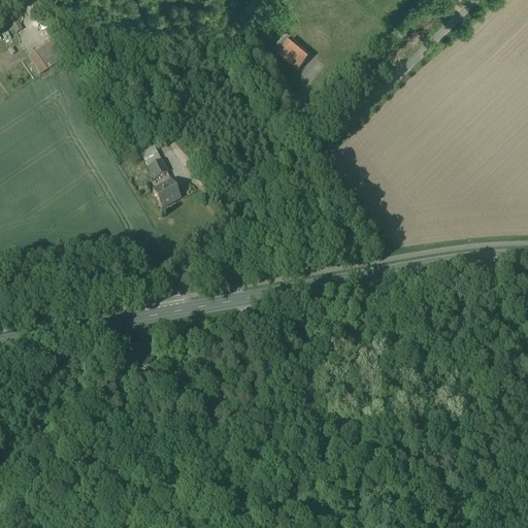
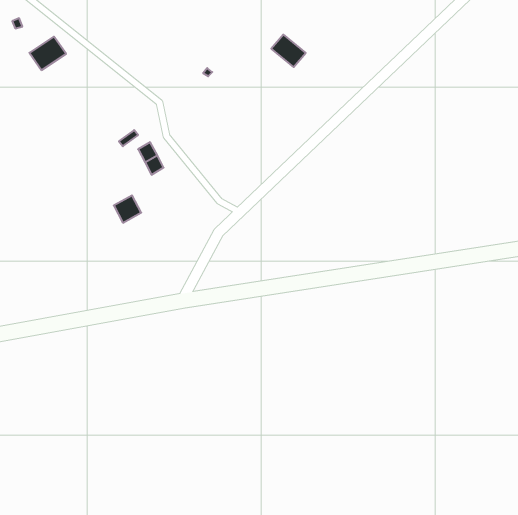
building: [152,178,179,206] -> [114,195,141,223]

